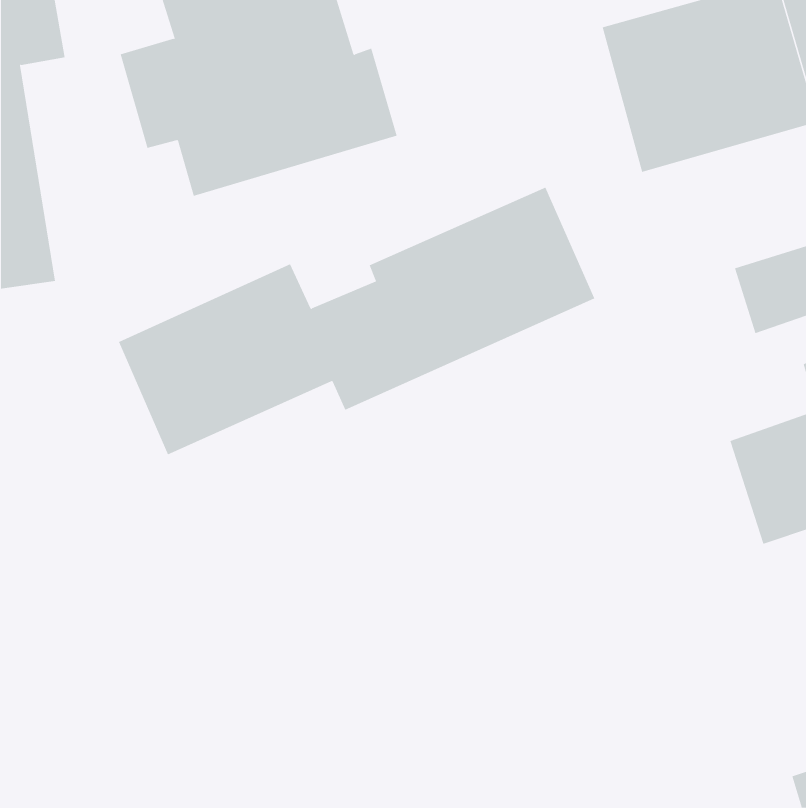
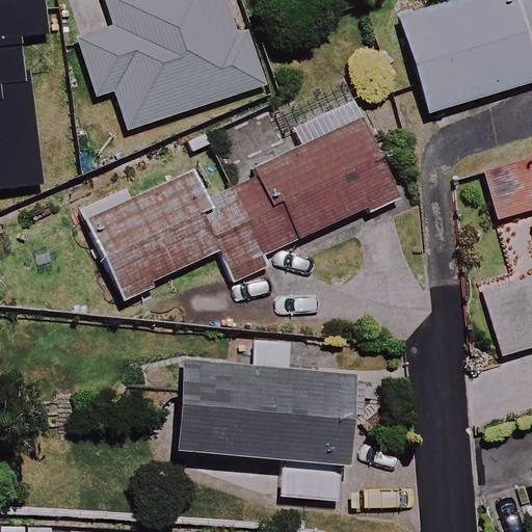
building: none -> [177,339,364,499]

